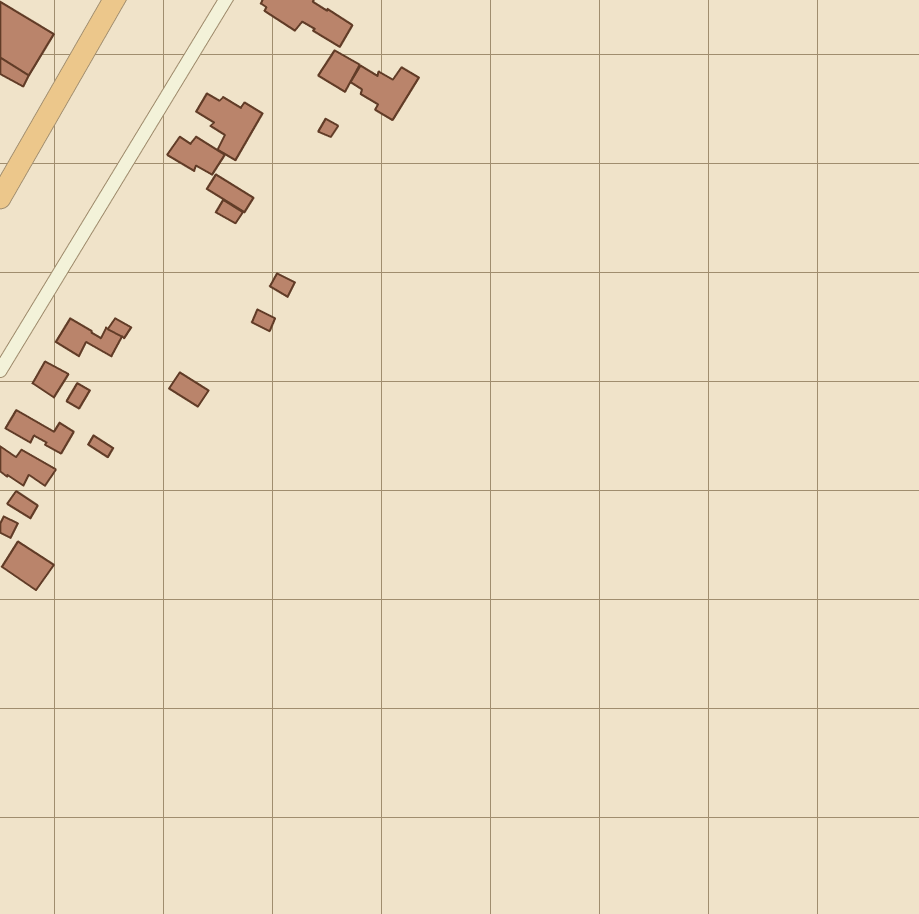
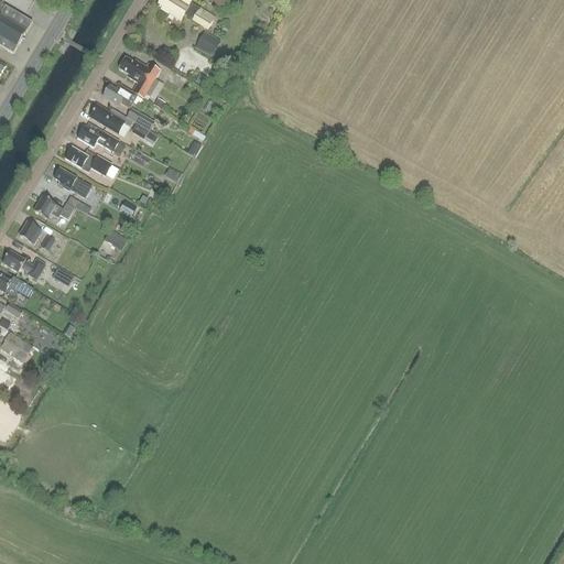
building: [350,66,419,120] -> none
building: none -> [90,106,133,133]
building: none -> [78,126,119,152]
building: none -> [66,147,111,175]
building: none -> [54,166,91,197]

